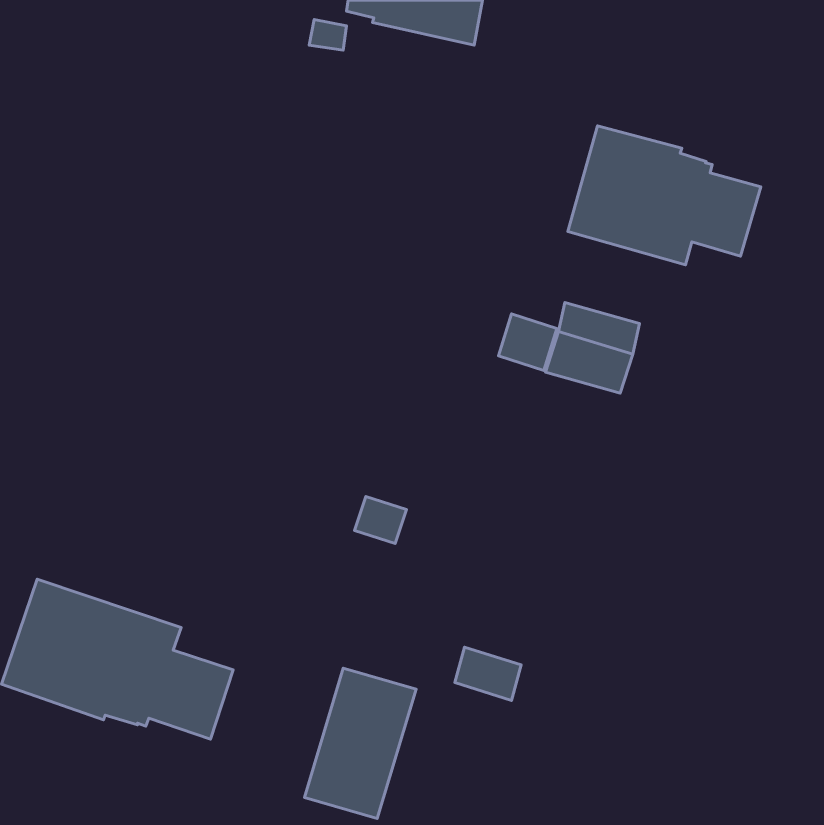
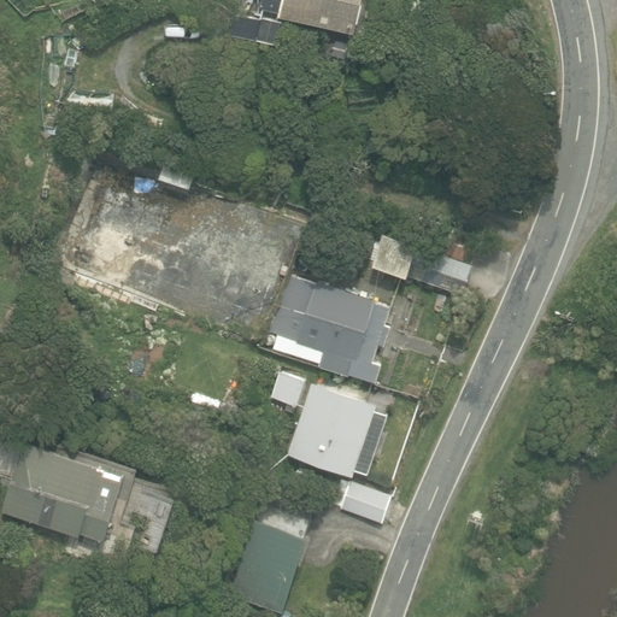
building: [568,126,761,265] -> none
building: none -> [266,276,388,383]
building: none -> [286,384,386,476]

